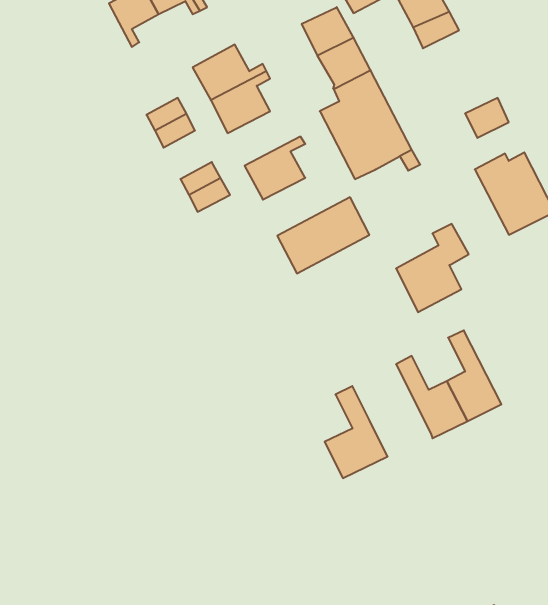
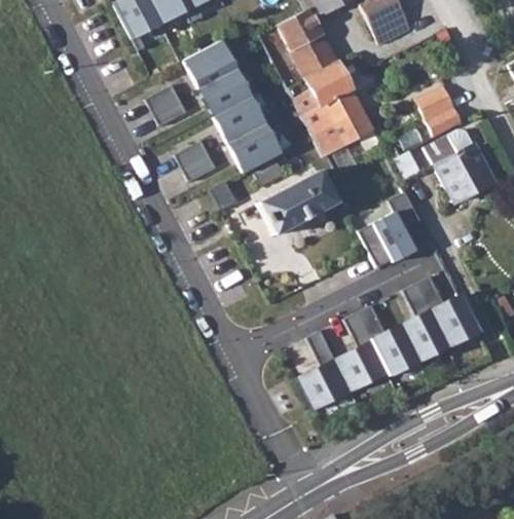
building: none -> [216,98,278,144]
building: none -> [416,276,479,346]
building: none -> [336,312,389,391]

